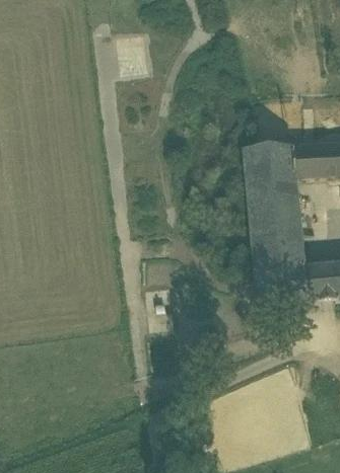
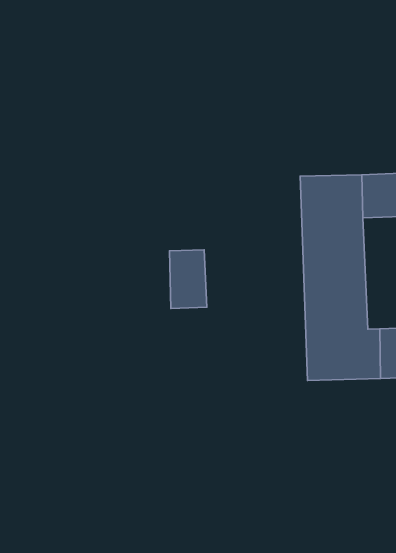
building: none -> [170,250,207,309]

